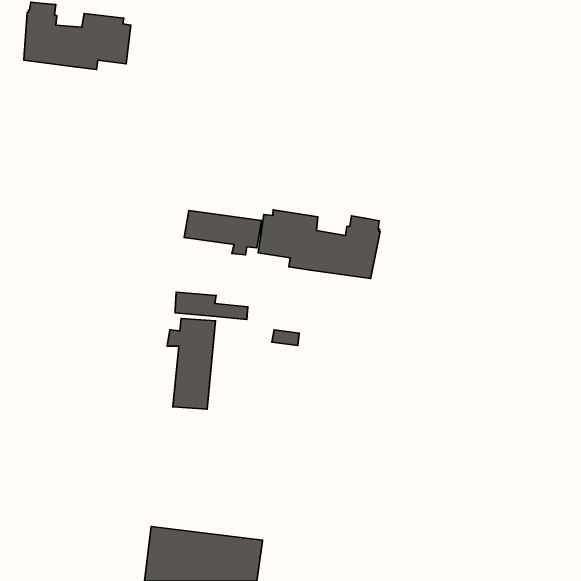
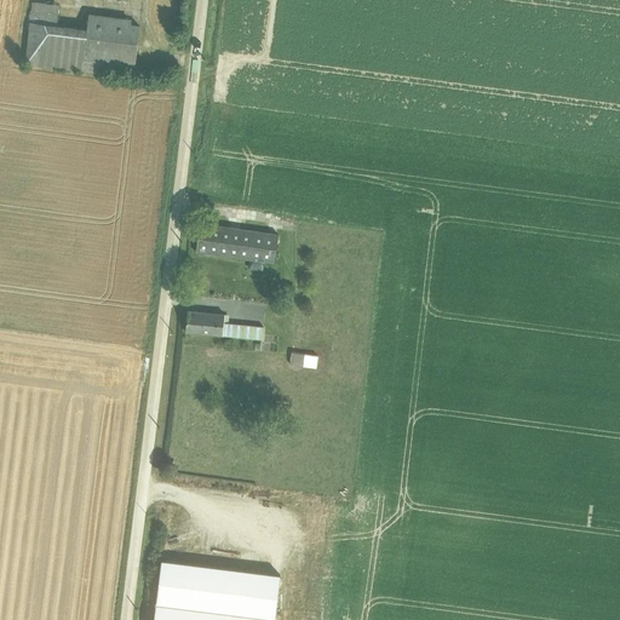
building: [258,210,380,278] -> none
building: [167,319,215,409] -> none

